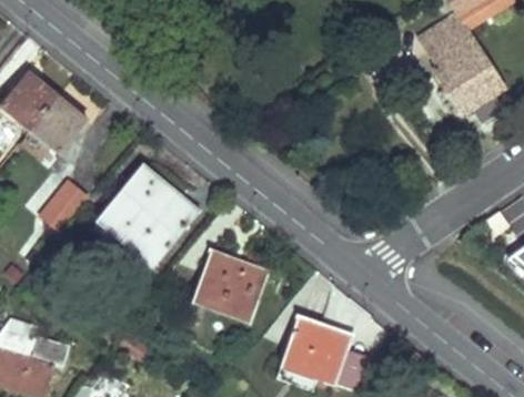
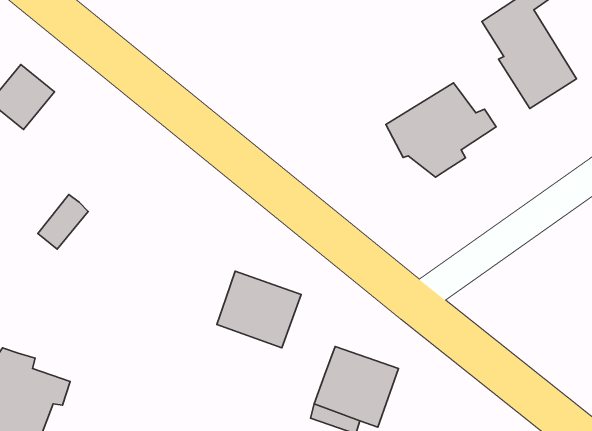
building: none -> [386,83,496,177]
building: [30,98,87,155] -> none
building: [100,165,198,262] -> none

